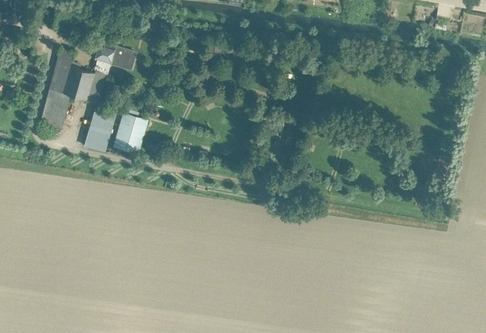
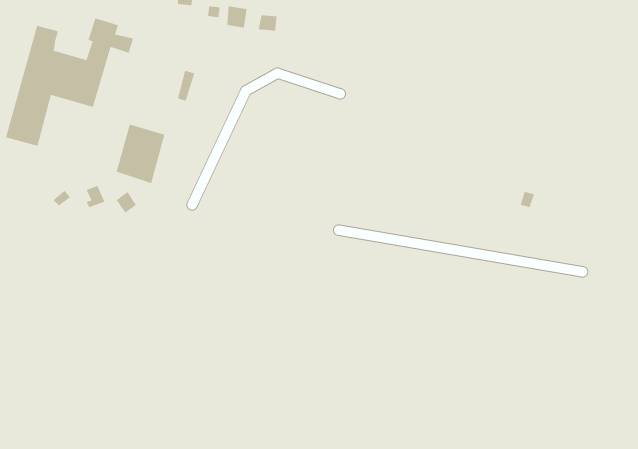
building: [85,107,117,151] -> none

